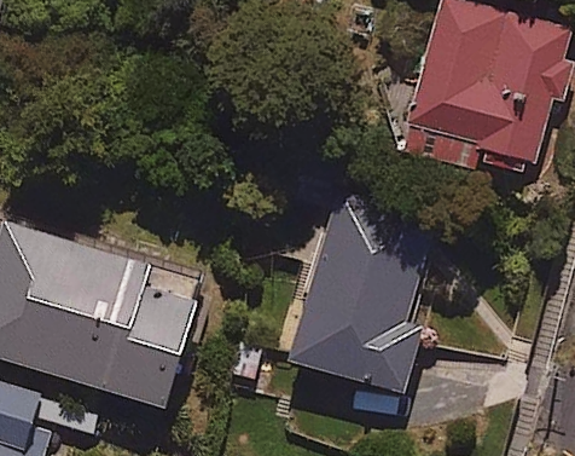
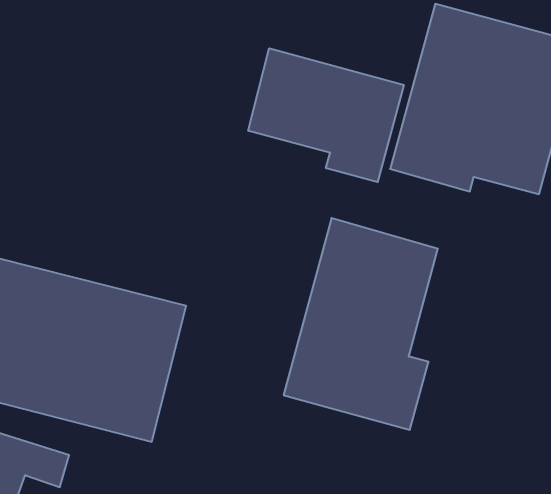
building: none -> [248,48,404,182]

